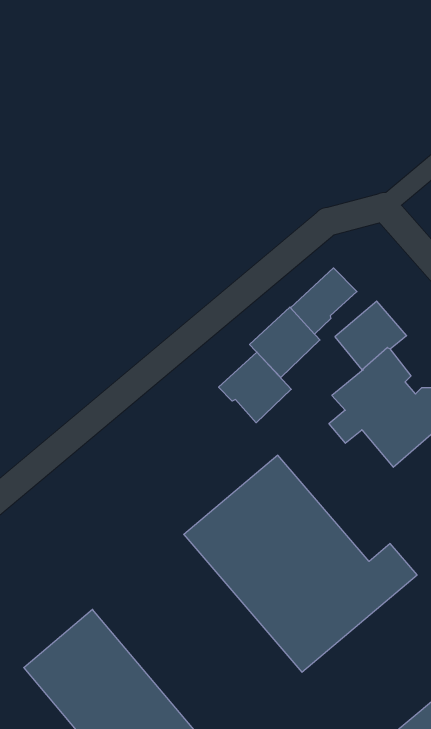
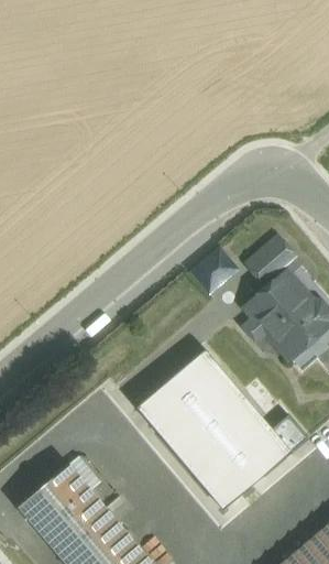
building: [291,268,357,334] -> none
building: [219,352,291,423] -> none

